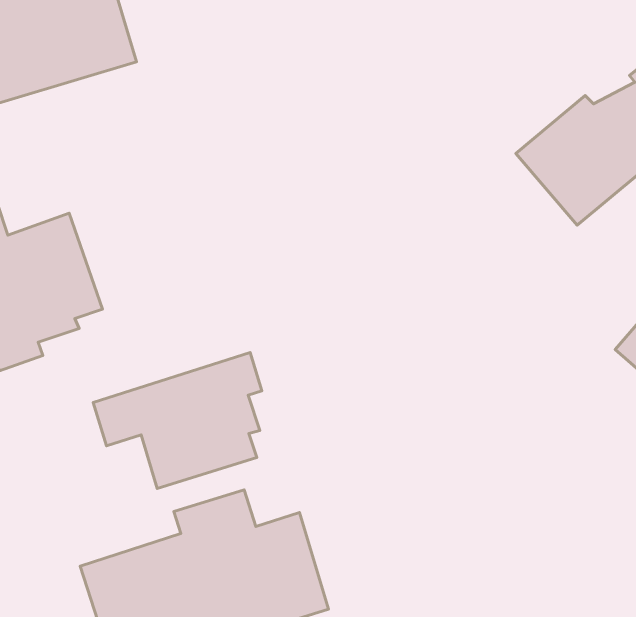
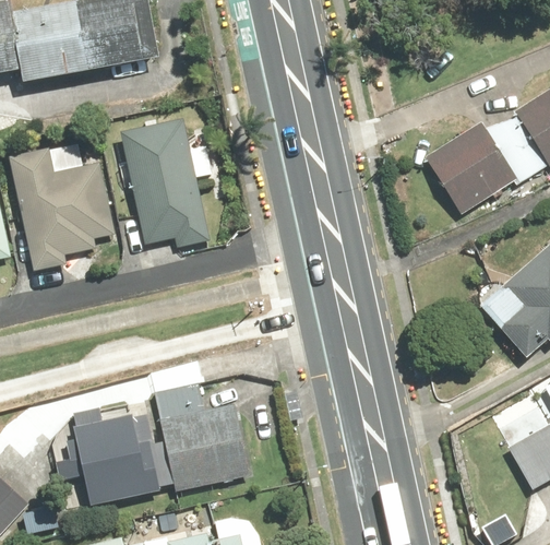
building: none -> [119,120,207,247]
building: [93,353,262,489] -> none

